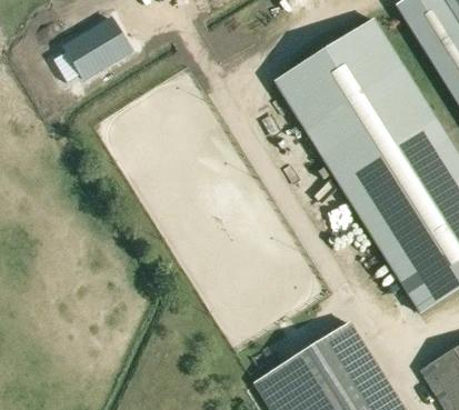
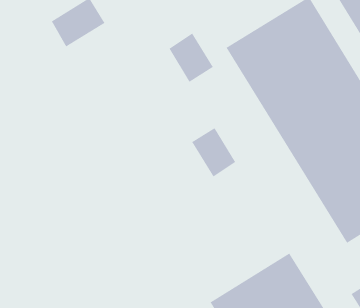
building: none -> [168,33,214,83]
building: none -> [191,127,236,178]

